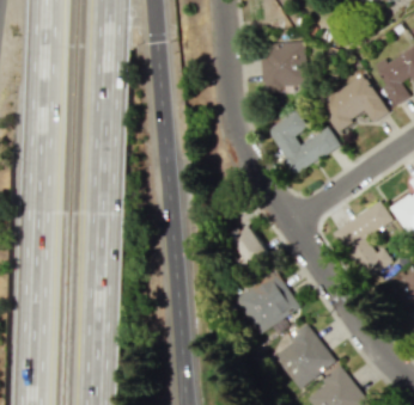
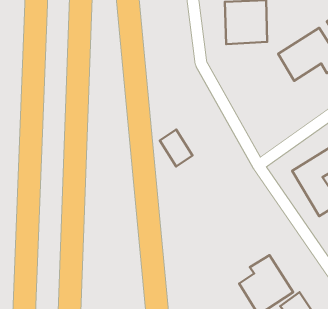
building: [267,109,341,173] -> none
building: [231,223,267,264] -> [160,130,192,166]
building: [236,271,300,335] -> none

